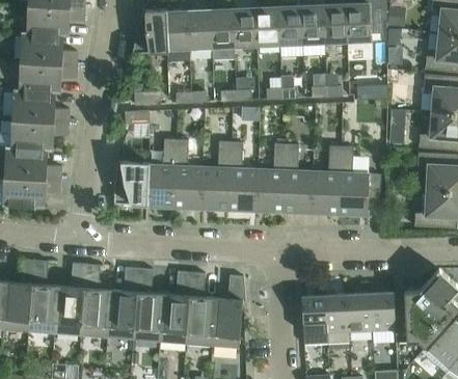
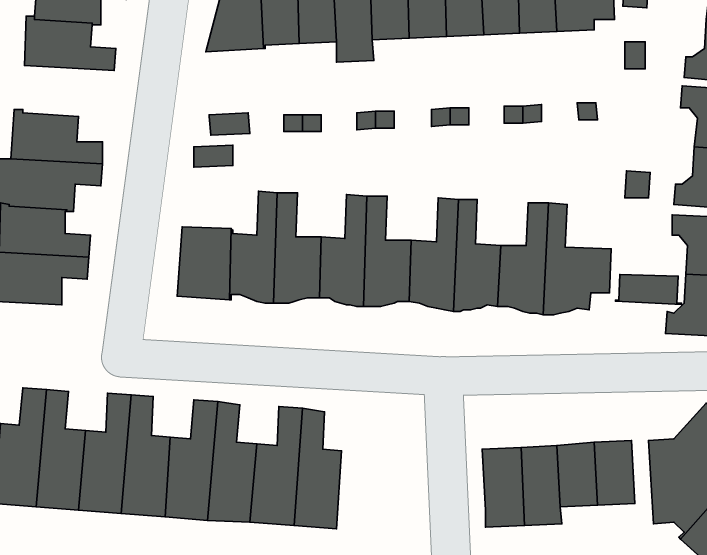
building: [20,61,76,93] -> none
building: none -> [615,274,682,304]
building: [212,274,245,347] -> none

